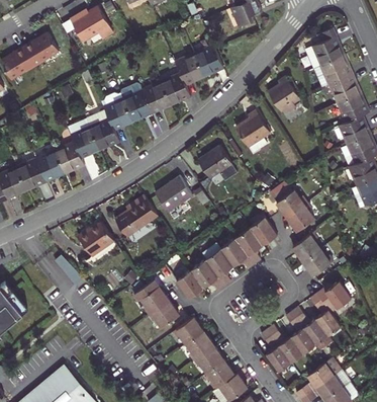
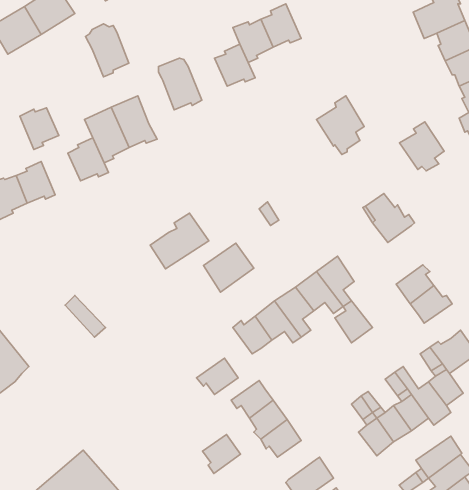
building: [268,77,300,112] -> [400,122,444,171]
building: [143,83,171,113] -> none
building: [101,92,132,131] -> [85,24,129,77]
building: [198,145,234,183] -> none
building: [36,152,65,182] -> [20,108,59,150]
building: [156,176,192,212] -> [204,243,254,292]
building: [287,203,314,231] -> none
building: [251,215,278,245] -> [335,301,372,343]
building: [78,222,114,255] -> none
building: [134,279,169,315] -> none
building: [207,360,234,389] -> [203,435,240,474]

